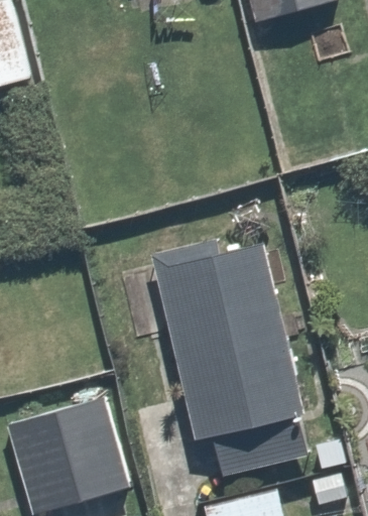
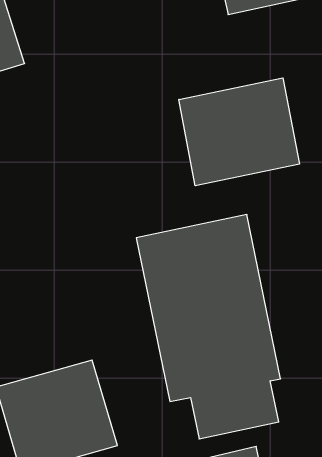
building: none -> [179,78,299,186]

